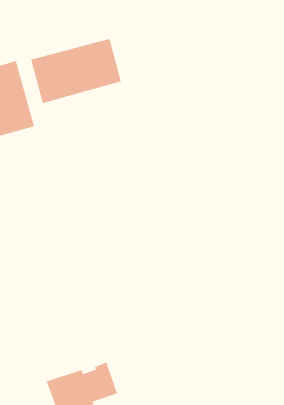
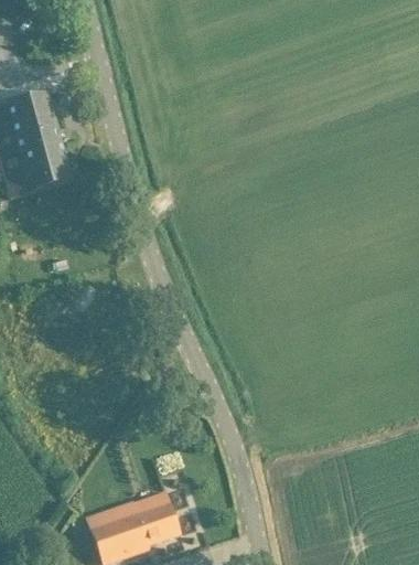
building: [30,38,121,104] -> none

